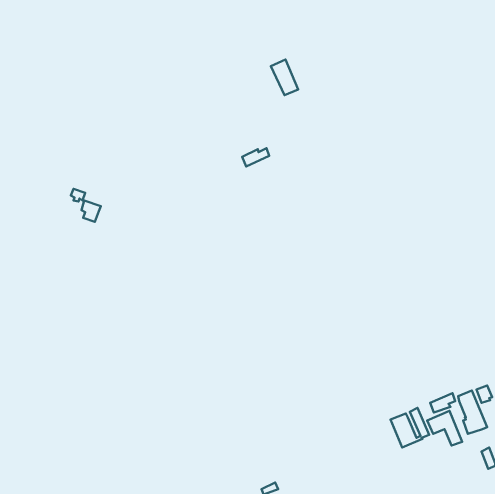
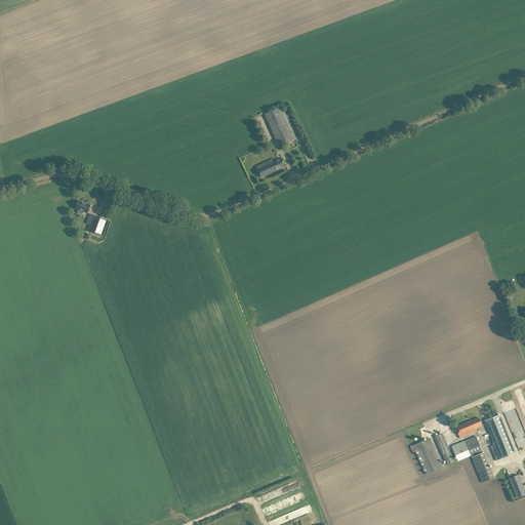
building: [271,59,298,95] -> [265,107,293,145]

